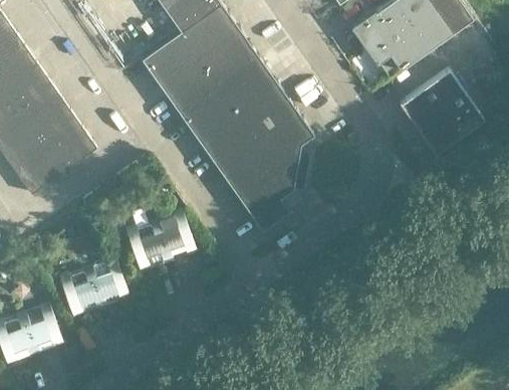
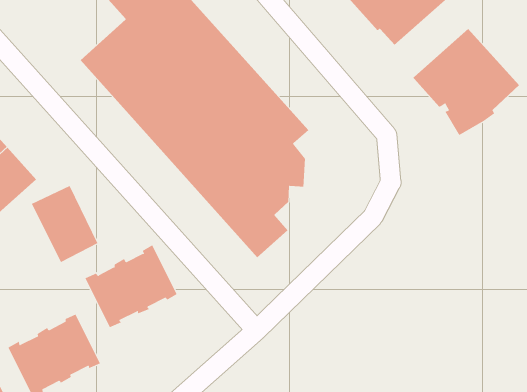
building: none -> [31,185,98,263]

